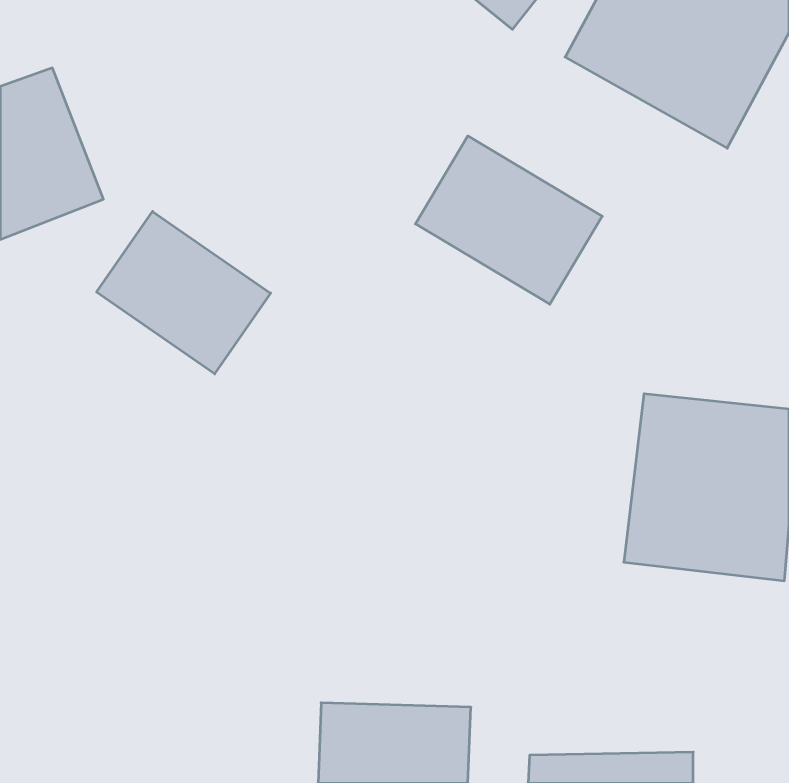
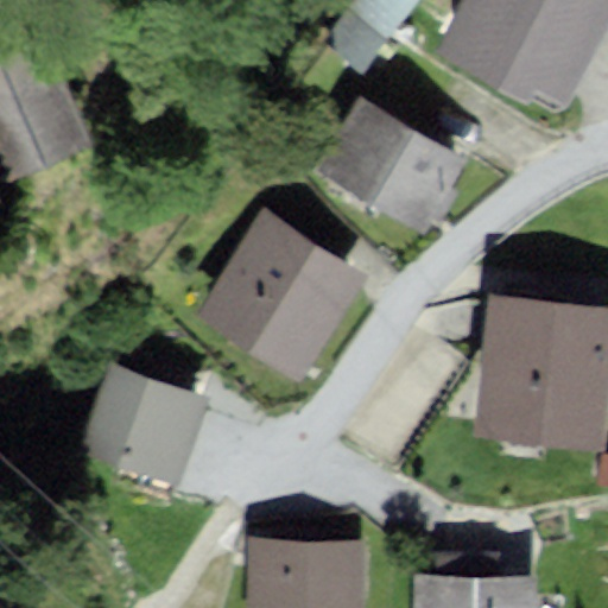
building: [97,211,271,374] -> none
building: none -> [192,209,366,384]
building: none -> [78,363,209,487]

